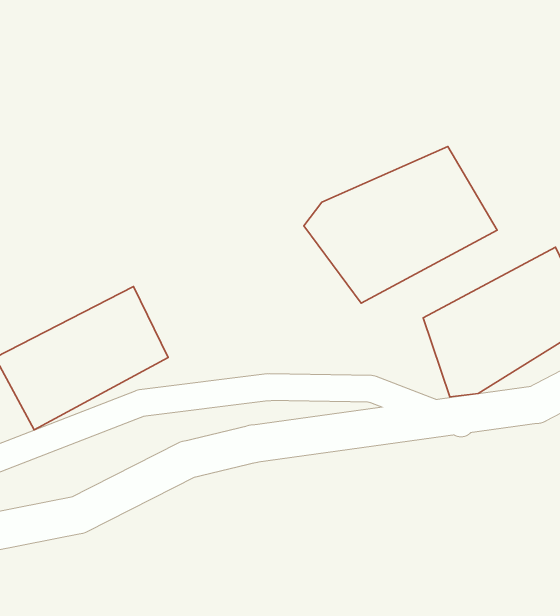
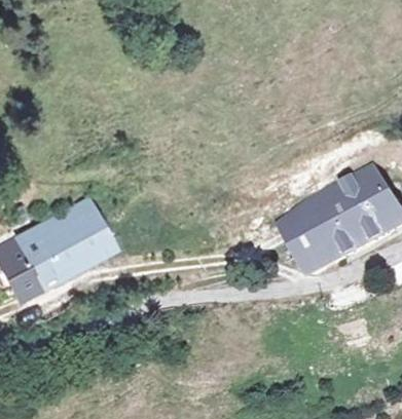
building: [304,146,497,303] -> none

